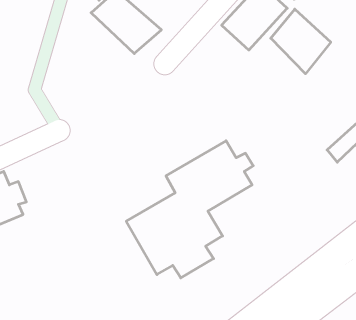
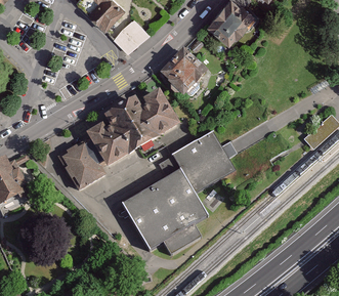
building: [271,9,331,74] -> none
building: none -> [163,51,212,99]
building: none -> [57,87,178,189]

